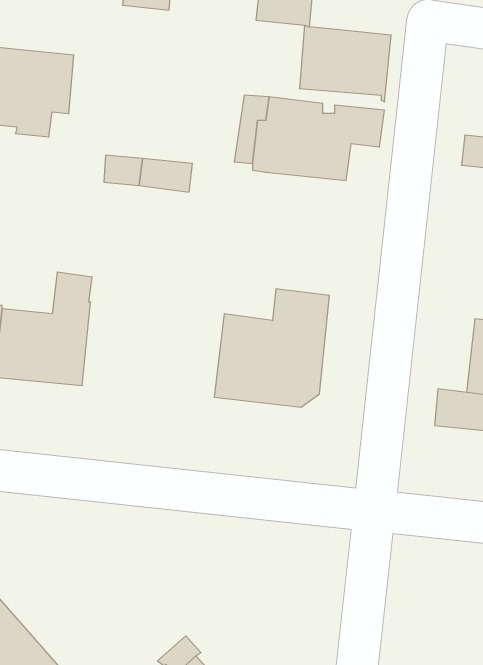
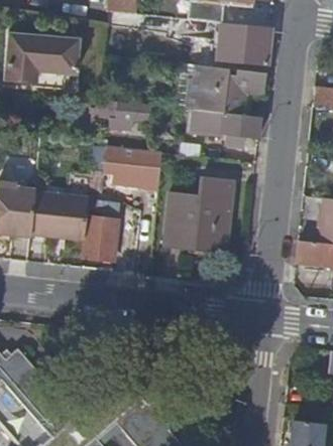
building: none -> [193,109,261,147]
building: none -> [82,152,157,258]

